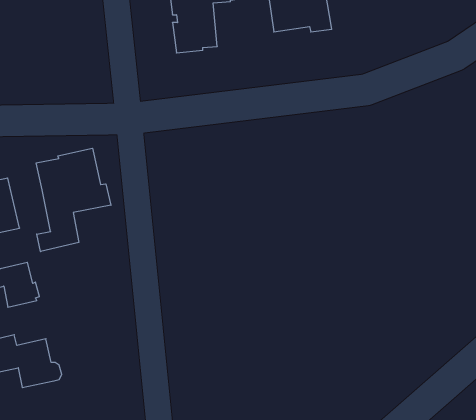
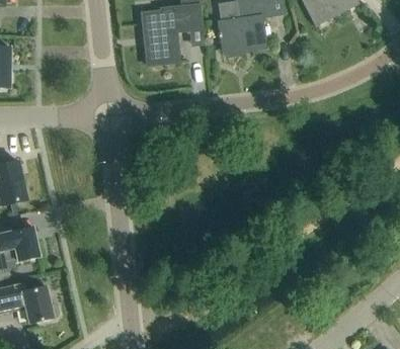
building: [36,148,111,252] -> none

